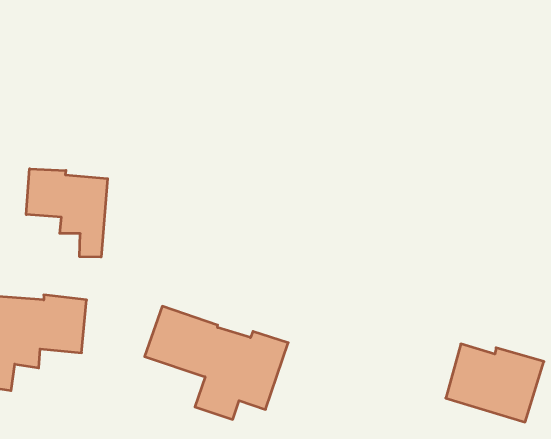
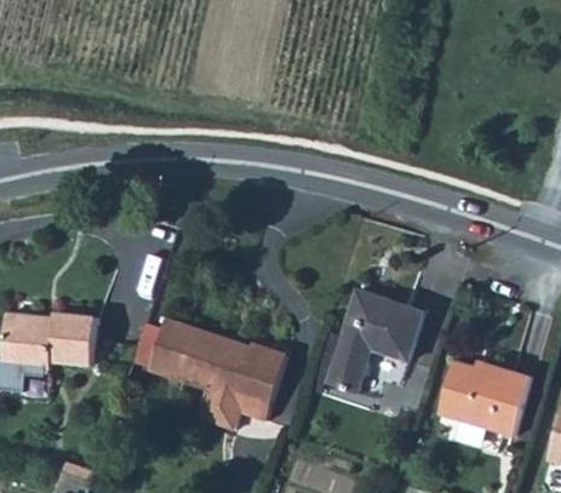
building: [26,169,108,257] -> none
building: none -> [324,290,423,392]

